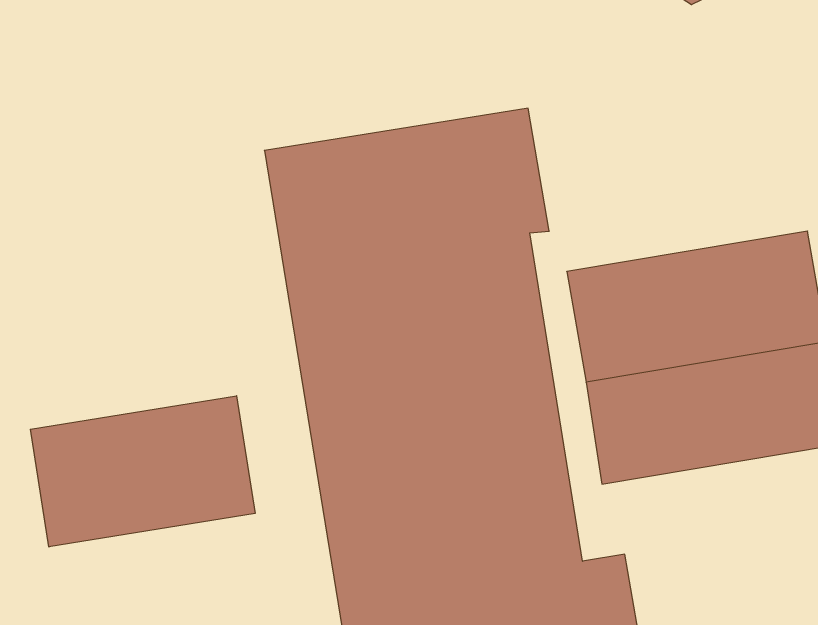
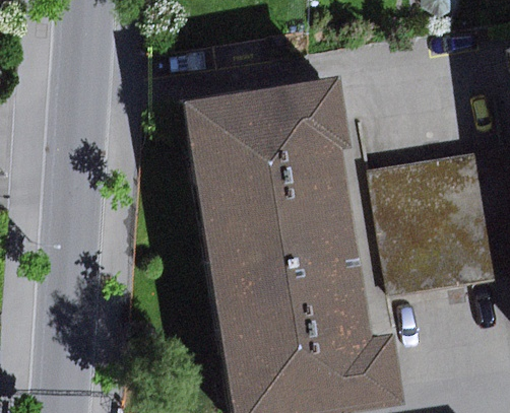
building: [30,396,255,547] -> none

